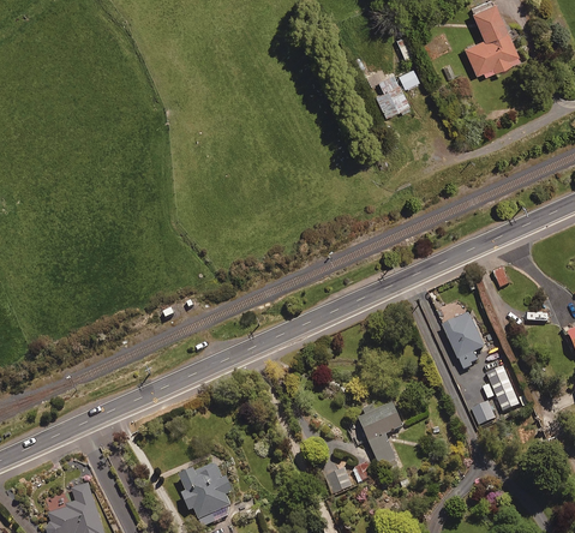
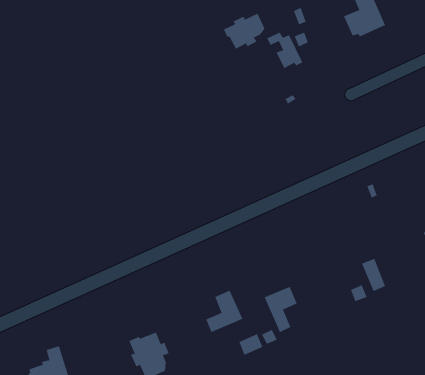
building: none -> [223,13,265,49]
building: [443,313,485,370] -> none
building: none -> [206,290,243,333]

